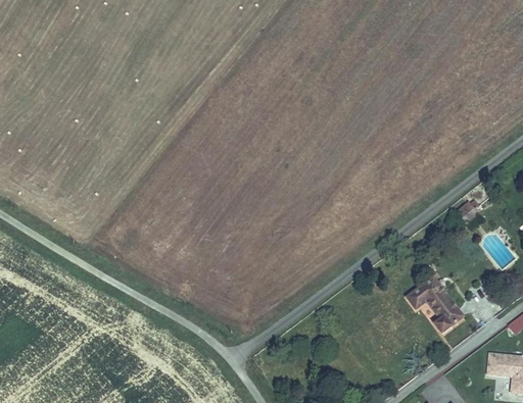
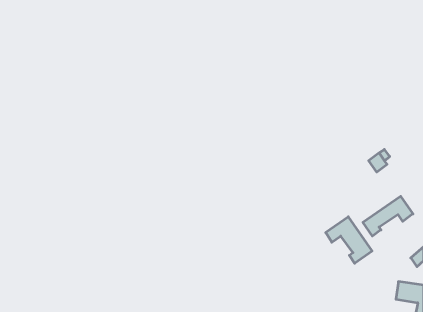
building: none -> [363,196,413,236]

